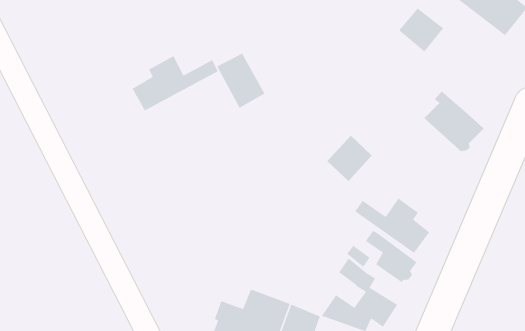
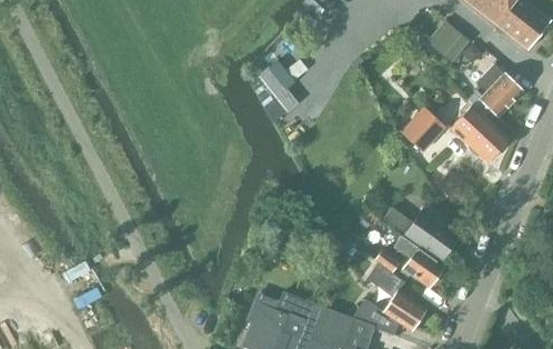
building: none -> [467,64,523,117]
building: [131,55,219,112] -> none
building: [326,135,373,182] -> [401,107,445,152]

